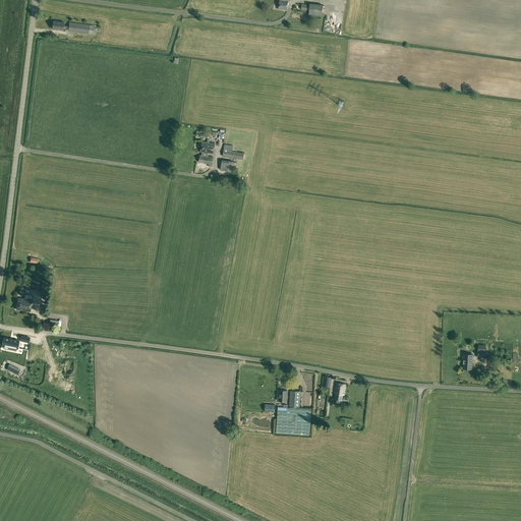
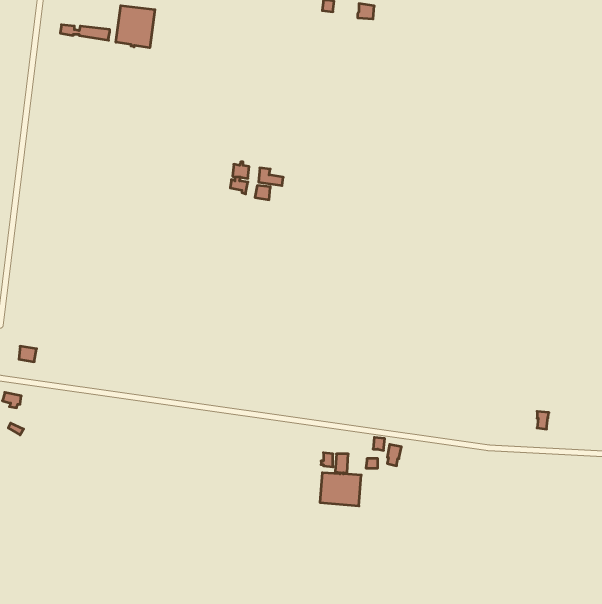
building: none -> [116,6,155,48]

